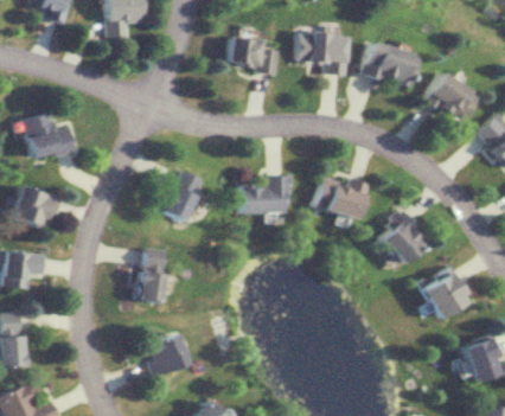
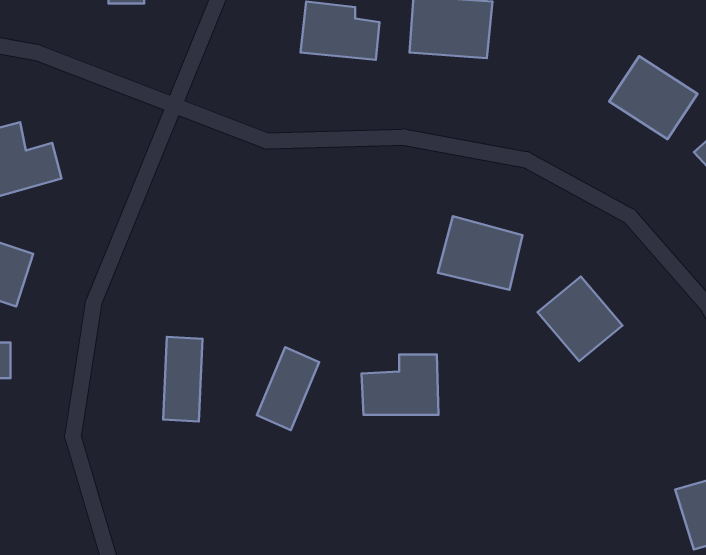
building: [359,43,418,91] -> none
building: [162,169,202,222] -> [257,347,319,430]
building: [242,175,290,213] -> [361,355,439,415]
building: [422,270,468,318] -> none
building: [143,334,188,376] -> none

